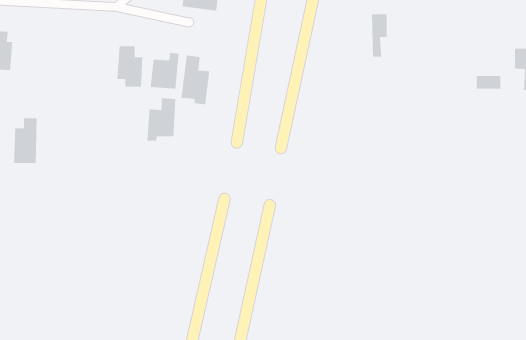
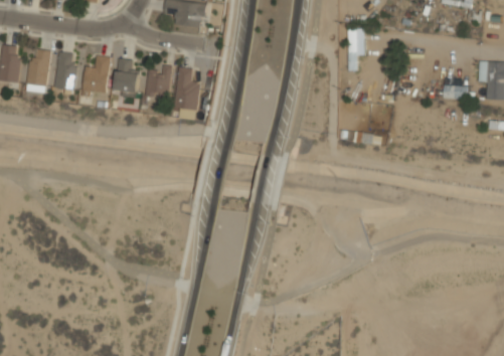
building: none -> [54,51,77,90]
building: [147,97,176,142] -> [81,55,109,96]
building: [13,118,38,164] -> [26,49,48,92]

